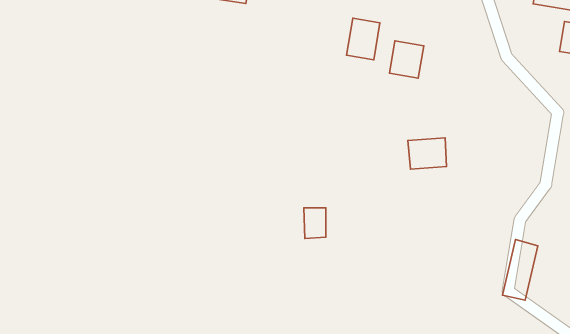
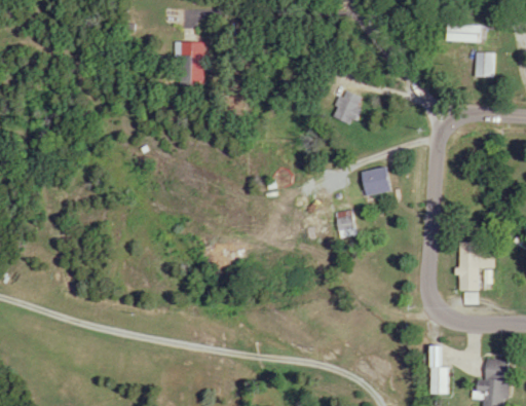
building: [347,18,380,60] -> none
building: [304,208,326,239] -> [333,209,355,237]

